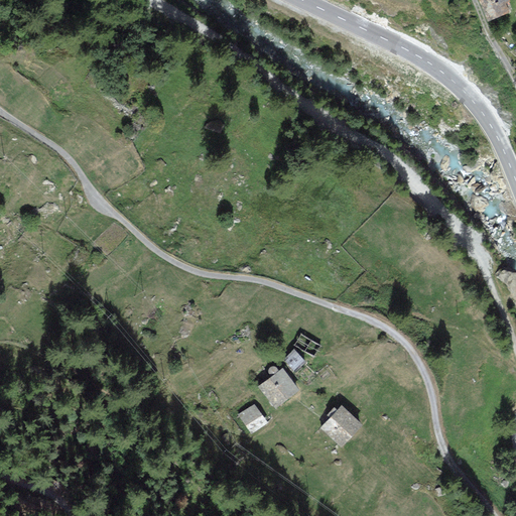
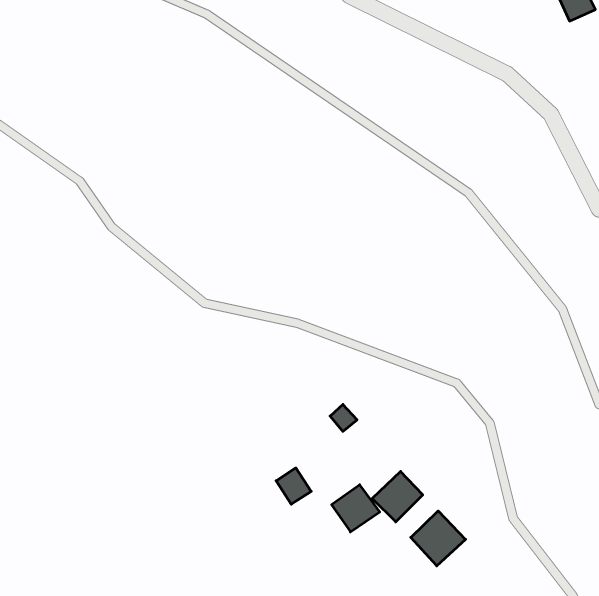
building: [258,367,299,407] -> [332,485,380,532]
building: none -> [411,511,466,566]

